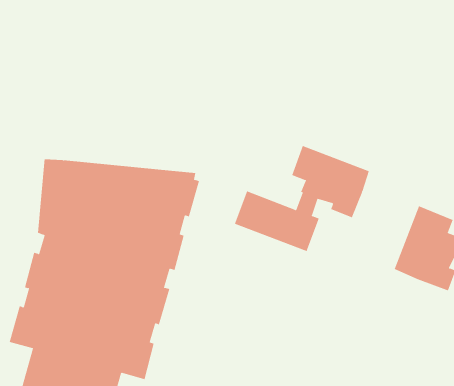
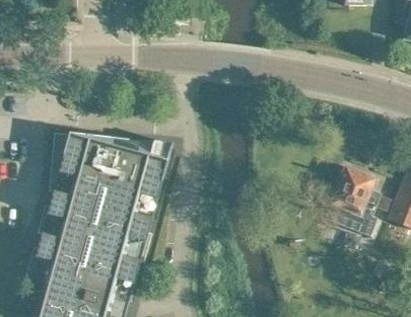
building: [234,145,369,252] -> none

